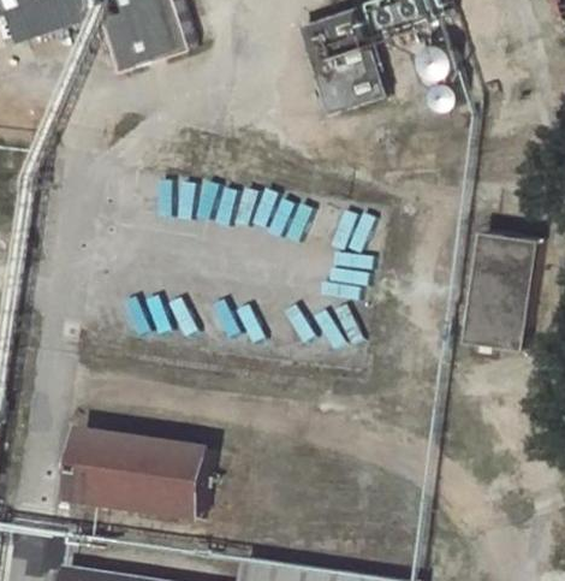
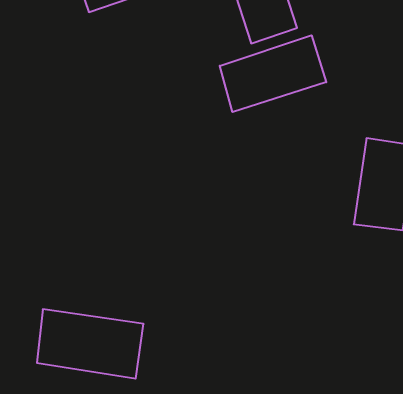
building: none -> [220,35,326,112]

